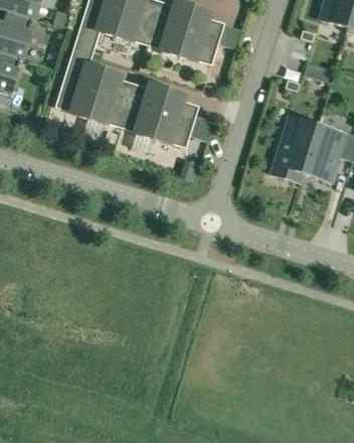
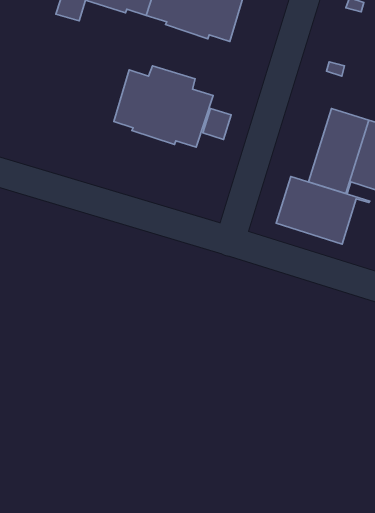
building: [56,42,133,126] -> none
building: none -> [276,177,370,244]

